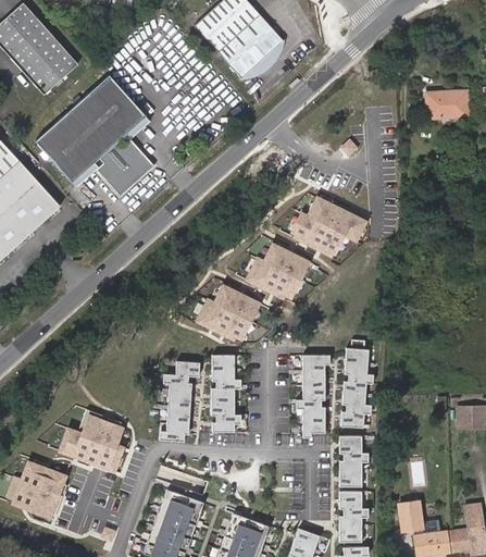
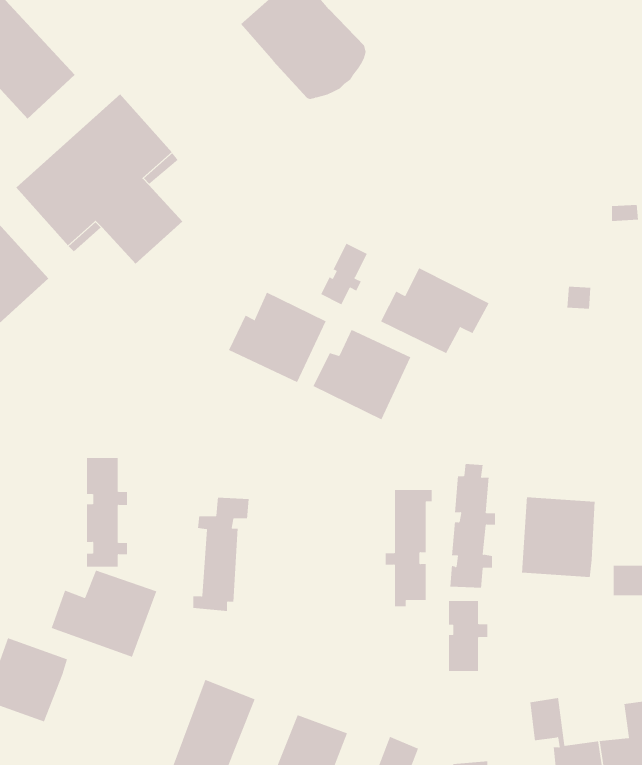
building: [426,91,468,120] -> none
building: none -> [320,243,367,305]
building: [196,283,265,347] -> [228,292,327,383]
building: [212,355,241,432] -> [86,458,128,567]
building: none -> [522,496,595,578]
building: [340,490,369,541] -> none

